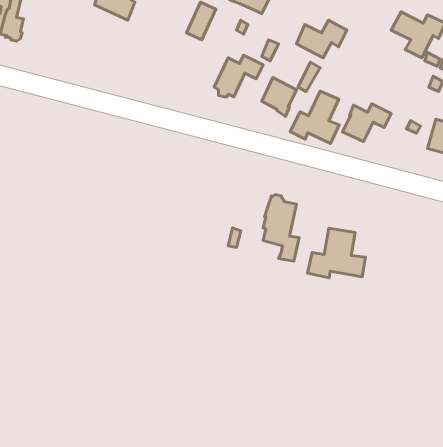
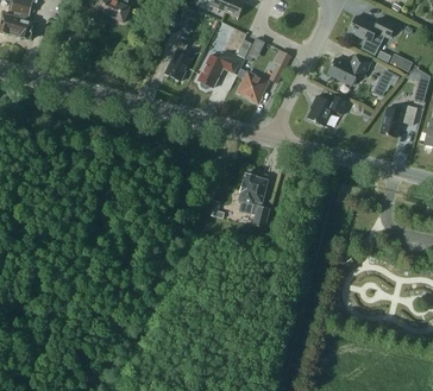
building: [297,20,347,58] -> [328,52,371,84]
building: none -> [165,39,192,80]
building: [290,91,339,144] -> none
building: [308,228,366,278] -> none

